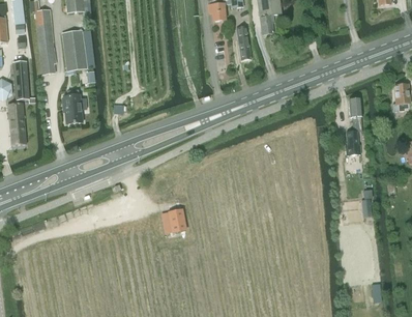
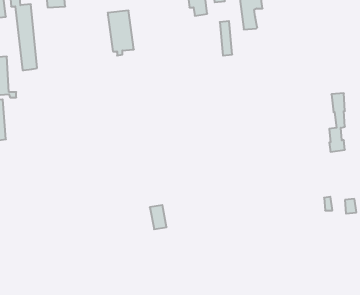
building: [62,29,88,74] -> [108,11,134,56]
building: [62,89,87,123] -> none

